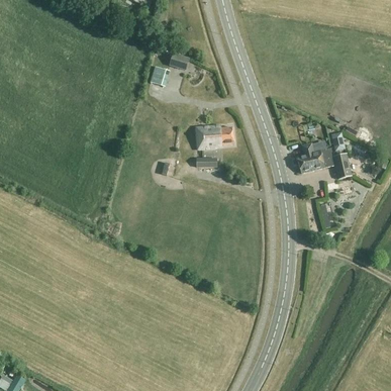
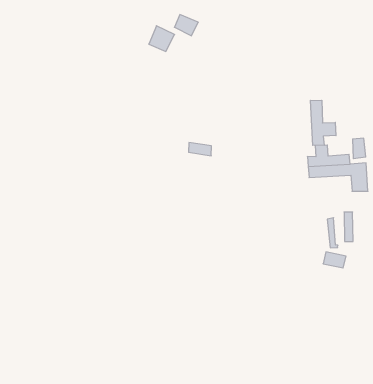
building: none -> [310,100,336,145]
building: [195,124,231,149] -> none

